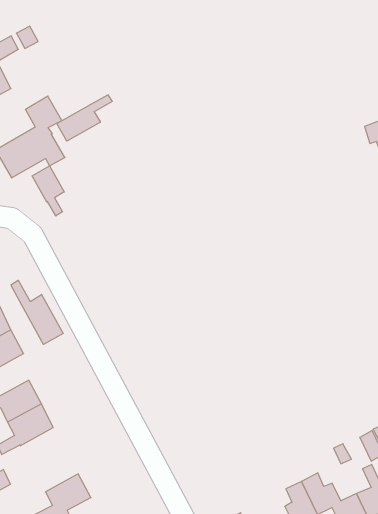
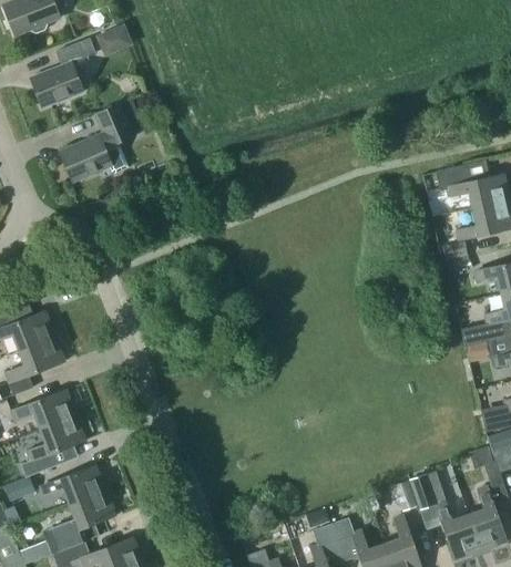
building: [57,95,112,141] -> none
building: [32,166,64,216] -> none
building: [11,280,63,344] -> none
building: none -> [40,464,105,504]

